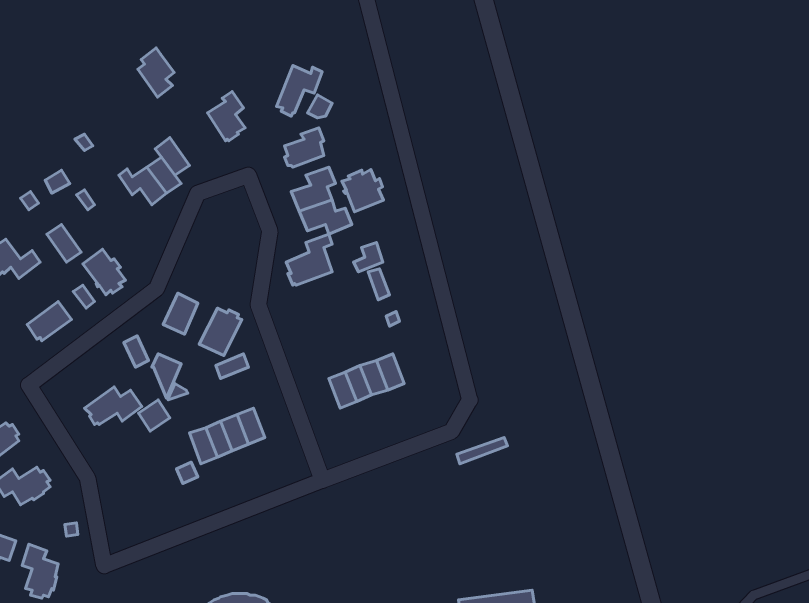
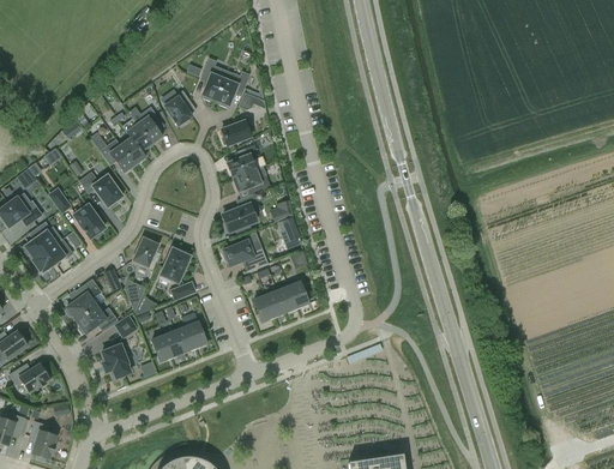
building: [138,48,174,97] -> [137,107,163,143]
building: none -> [201,58,227,100]
building: [342,170,383,212] -> none
building: none -> [79,172,122,206]
building: none -> [23,221,55,259]
building: none -> [222,240,267,269]
building: none -> [65,278,101,320]
building: none -> [101,343,130,377]

